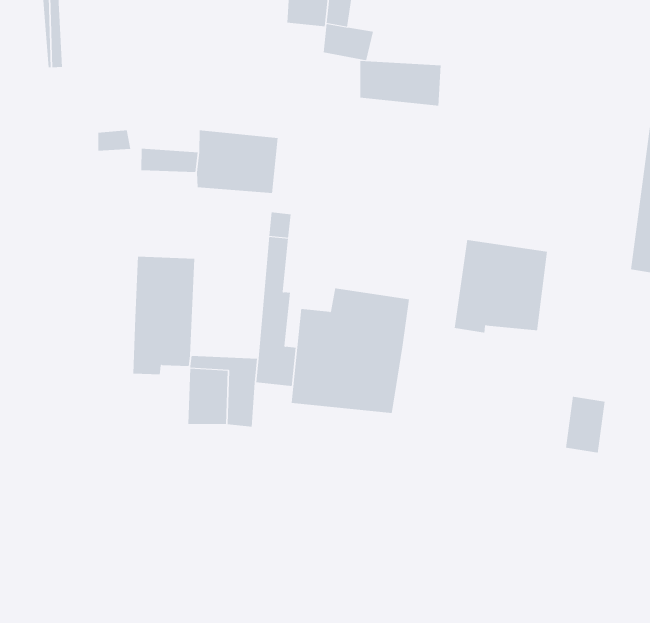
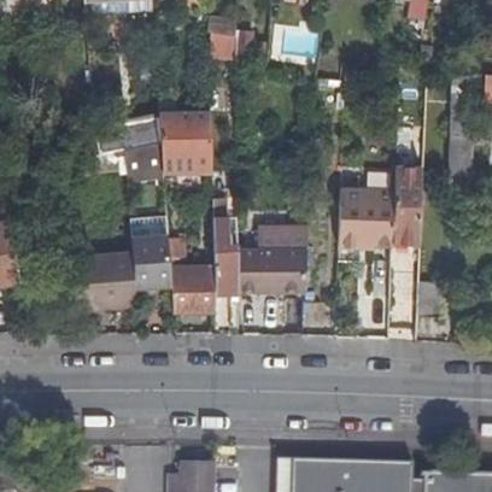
building: [359,60,441,106] -> [158,109,212,135]
building: none -> [392,168,422,246]
building: none -> [72,260,135,310]

